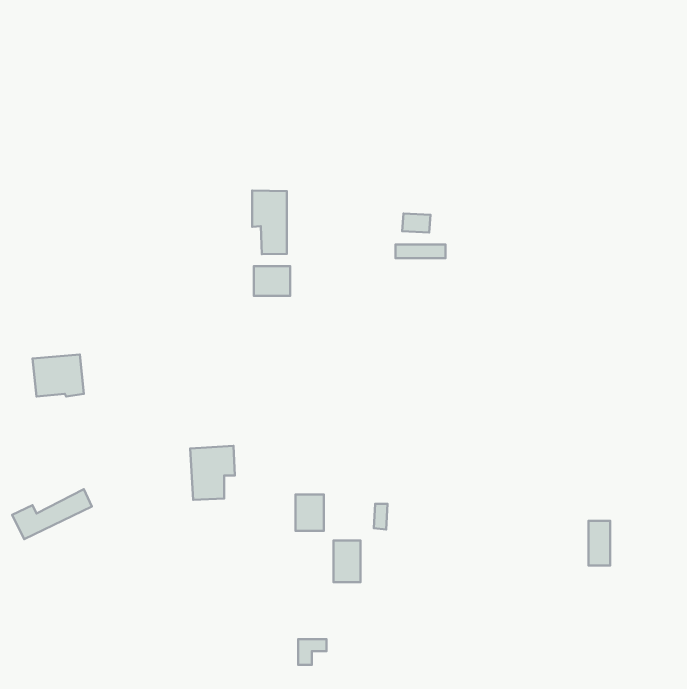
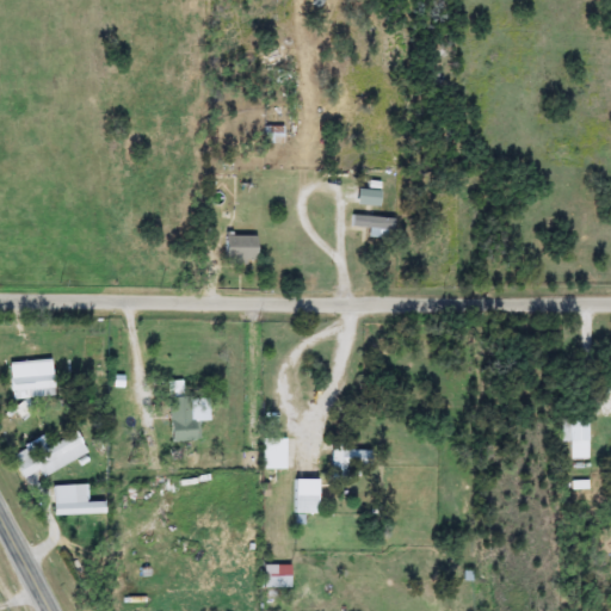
building: [252,191,287,254] -> none
building: [33,355,84,396] -> [11,360,56,397]
building: [588,521,610,565] -> [570,419,590,458]
building: none -> [55,485,107,516]

